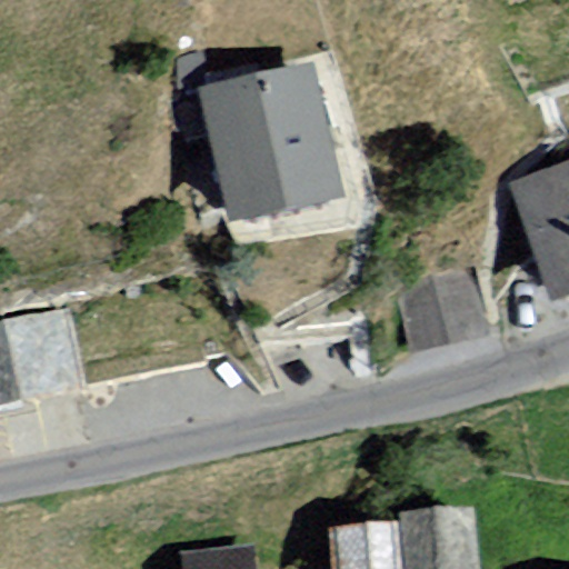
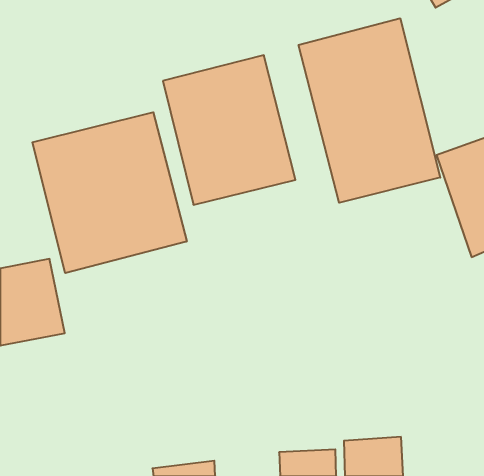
building: none -> [299,18,440,203]
building: none -> [32,112,187,273]

